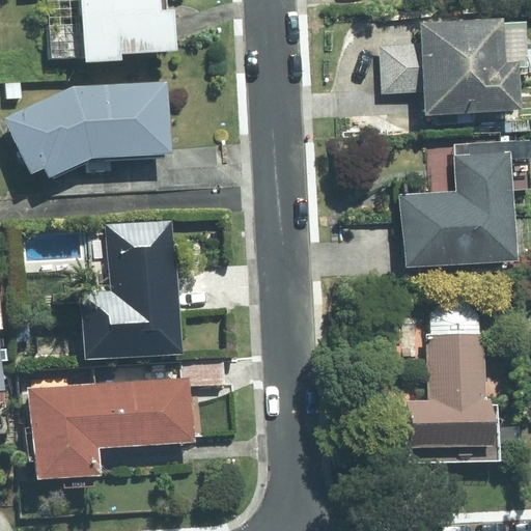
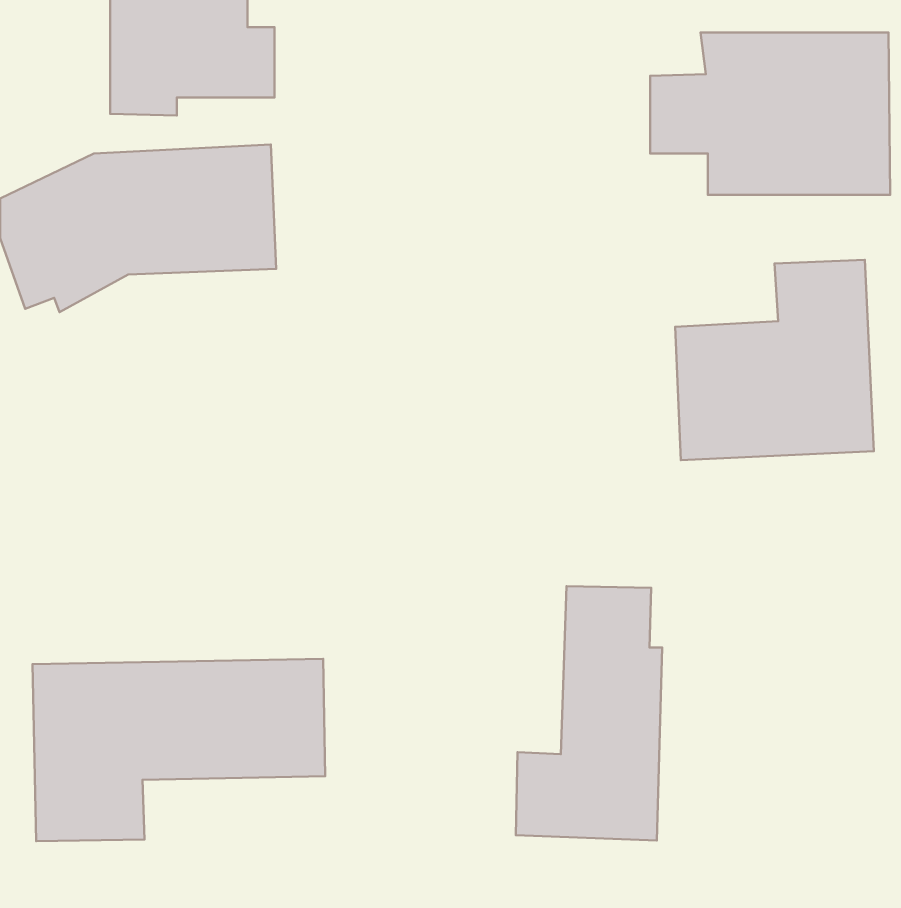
building: [78,218,179,359] -> none
building: [404,298,488,444] -> [516,586,662,841]

